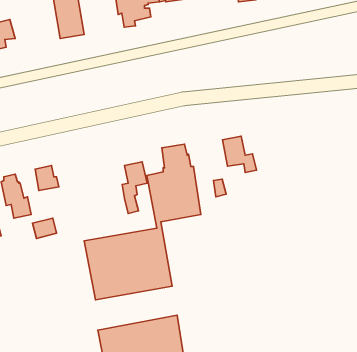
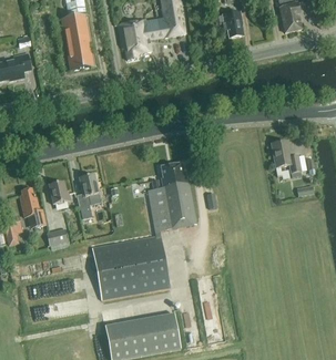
building: [222,136,256,173] -> [271,140,301,172]
building: [122,162,147,213] -> [77,174,99,219]

